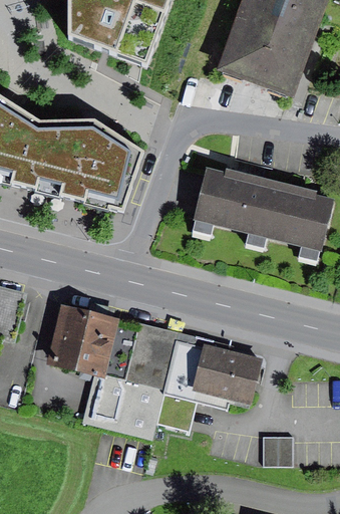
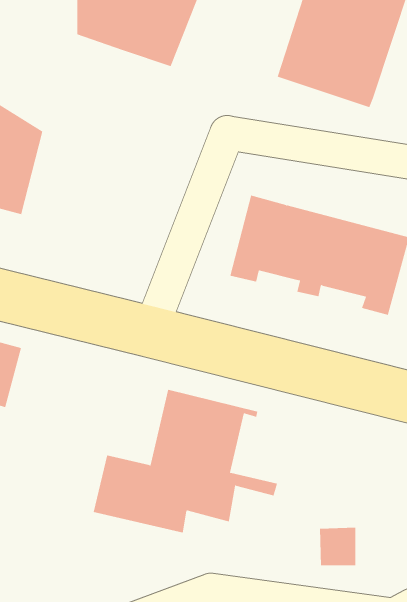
building: [21,113,142,209] -> none
building: [45,304,138,383] -> none
building: [190,342,259,404] -> none

